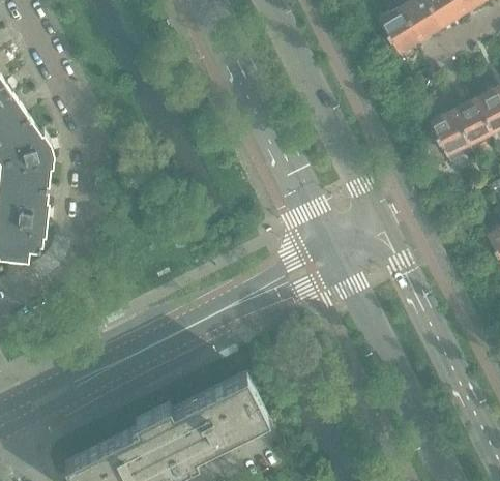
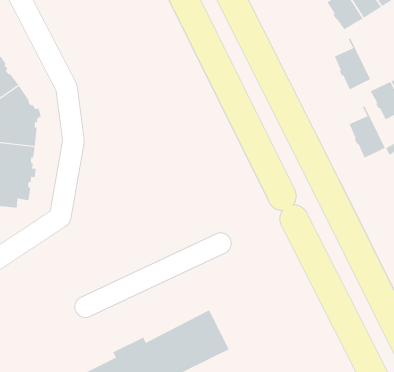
building: none -> [334,37,371,90]
building: none -> [349,105,385,159]

